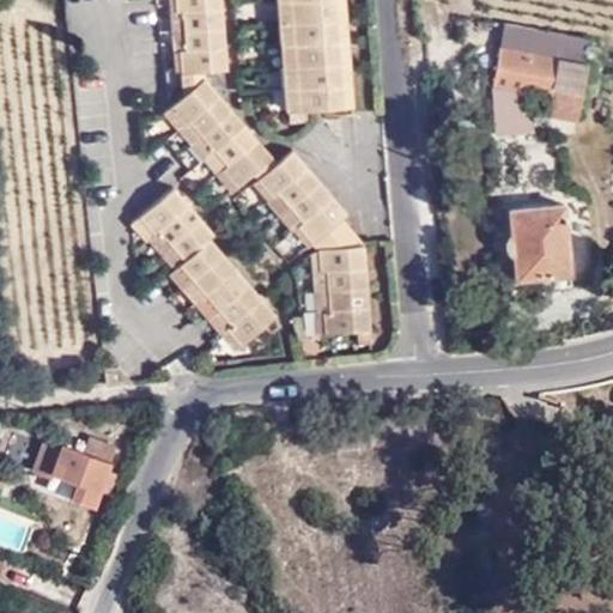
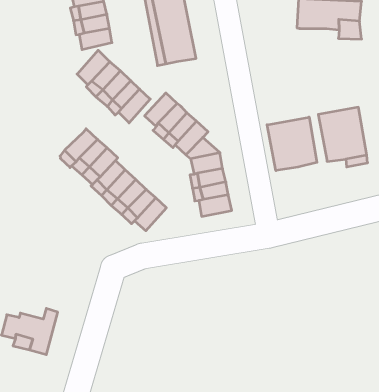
building: [493,89,535,132] -> none
building: none -> [267,117,317,171]

